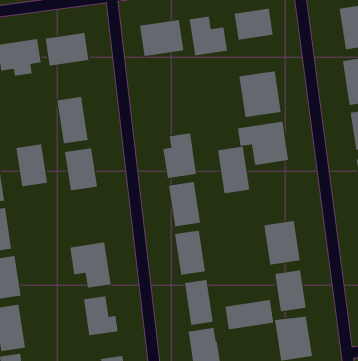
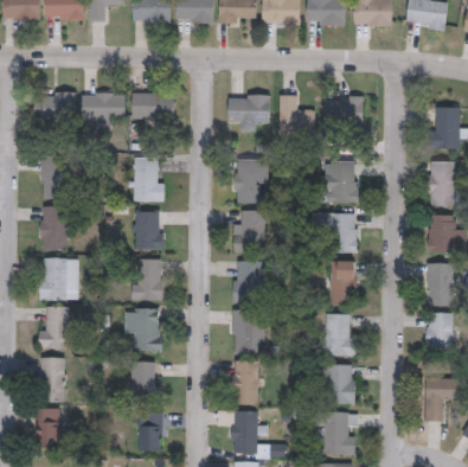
building: none -> [235,159,268,203]
building: [15,144,48,187] -> [135,260,162,300]
building: [217,146,250,194] -> [329,260,357,305]
building: [225,299,274,330] -> none

